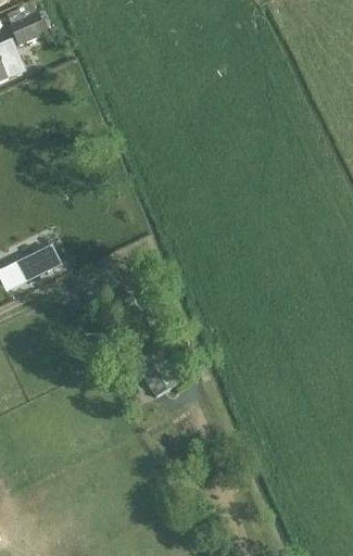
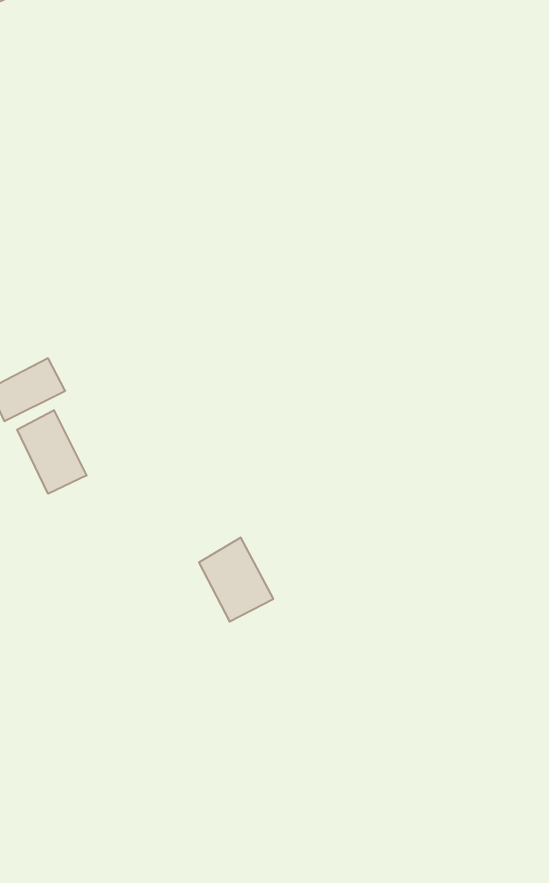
building: none -> [17,410,87,494]

